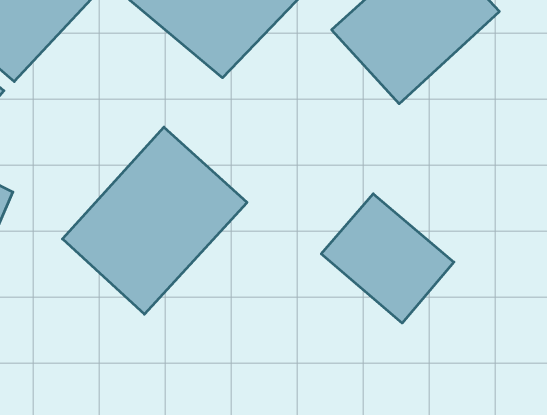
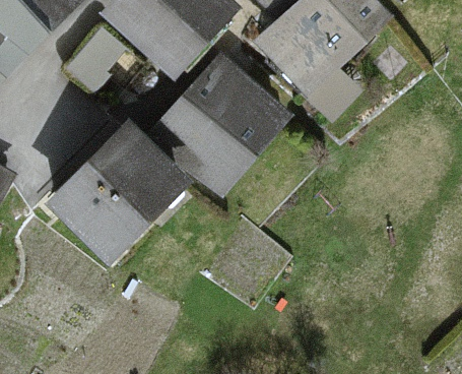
building: none -> [151,54,288,190]
building: [321,194,454,323] -> none

